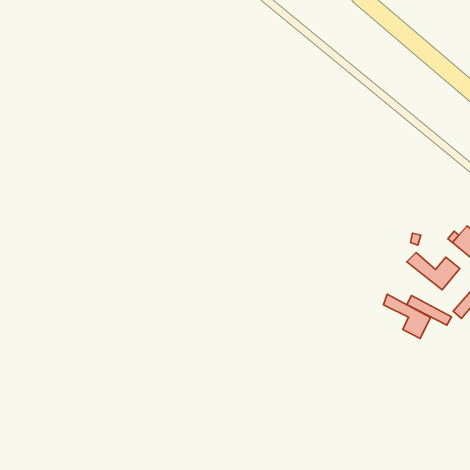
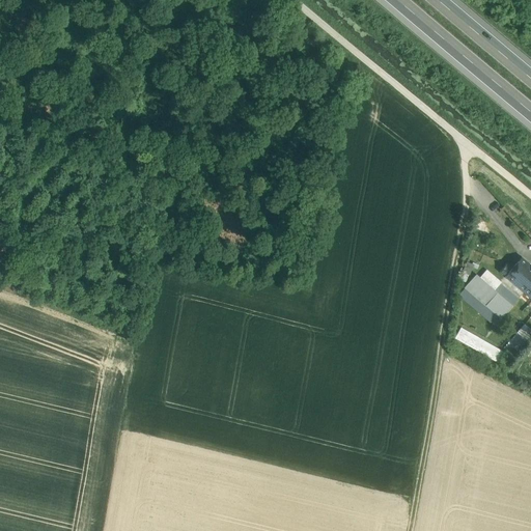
building: none -> [470,270,503,301]
building: [384,294,431,339] -> none

